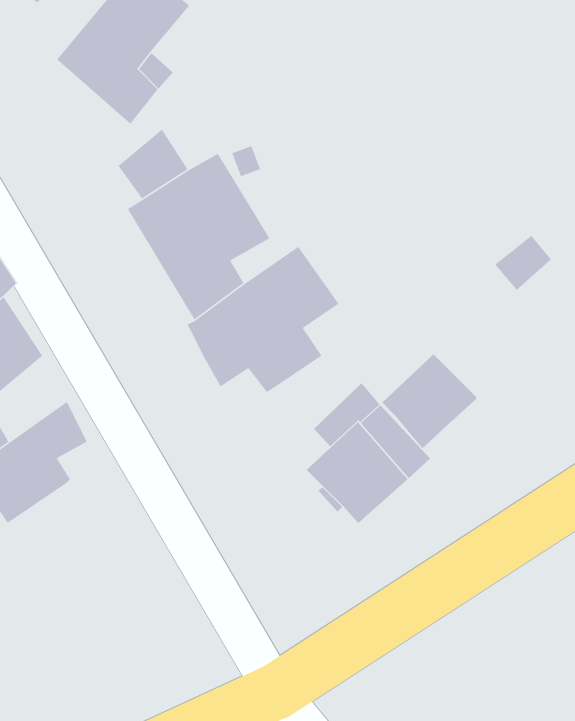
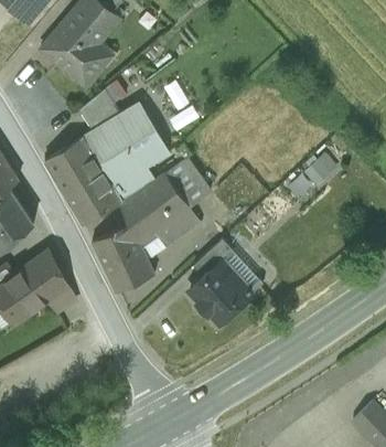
building: none -> [45,138,124,227]
building: [382,354,478,449] -> none
building: none -> [93,226,154,294]
building: none -> [43,276,75,315]

